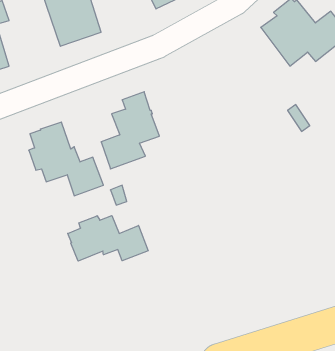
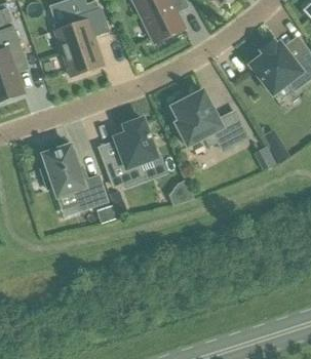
building: none -> [171,88,248,149]
building: [68,216,148,261] -> none

